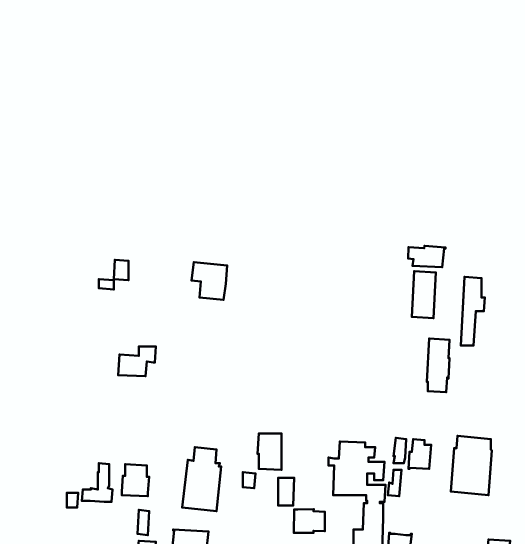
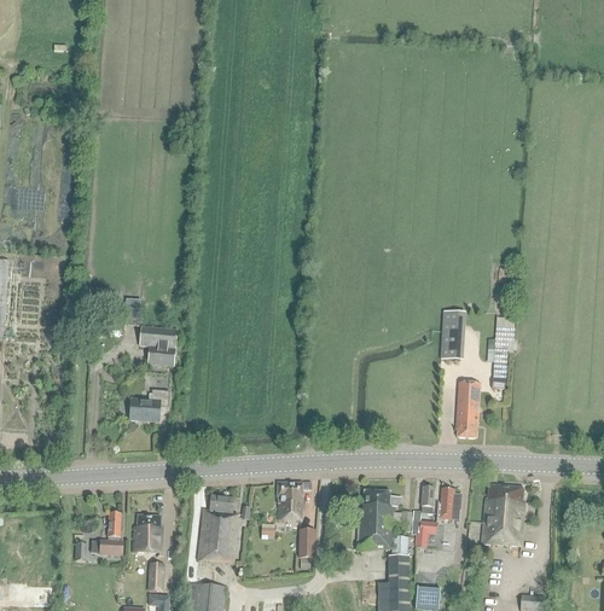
building: [408,246,446,267] -> none
building: [192,262,227,300] -> [139,326,176,366]
building: [294,509,325,533] -> none

